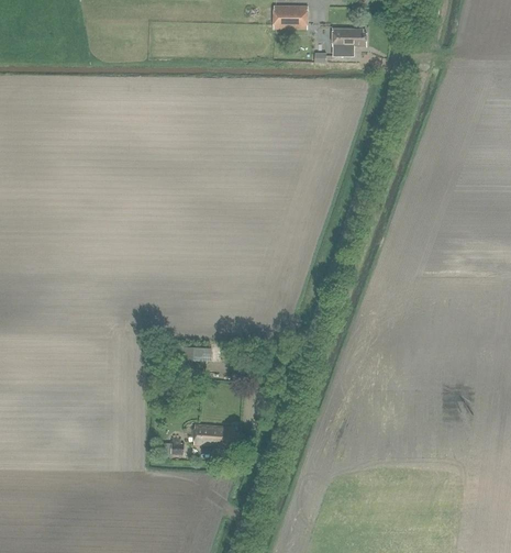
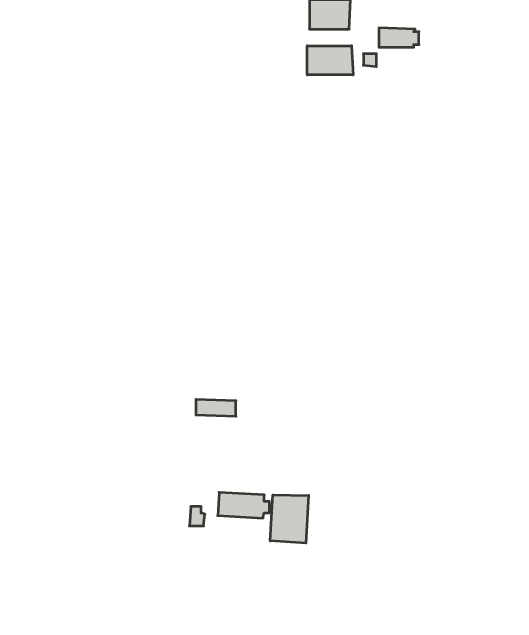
building: none -> [307,46,353,75]
building: none -> [270,495,309,543]

